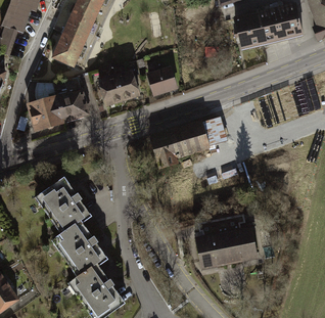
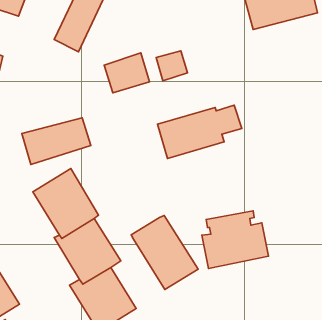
building: [30,89,93,132] -> [22,118,91,164]
building: none -> [131,216,198,290]

